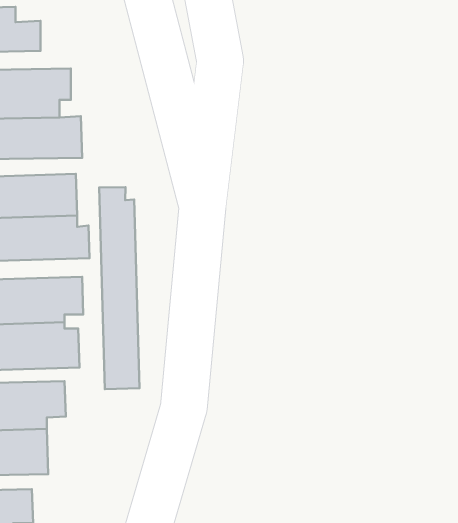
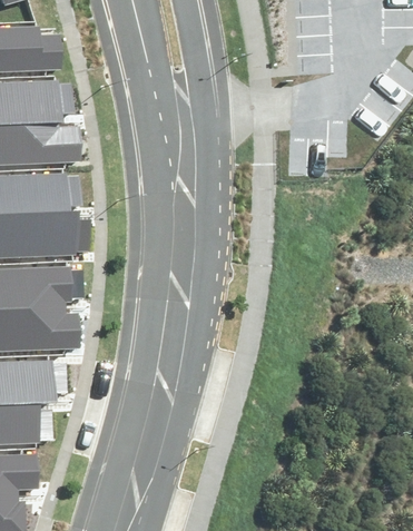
building: [99,187,139,389] -> none

